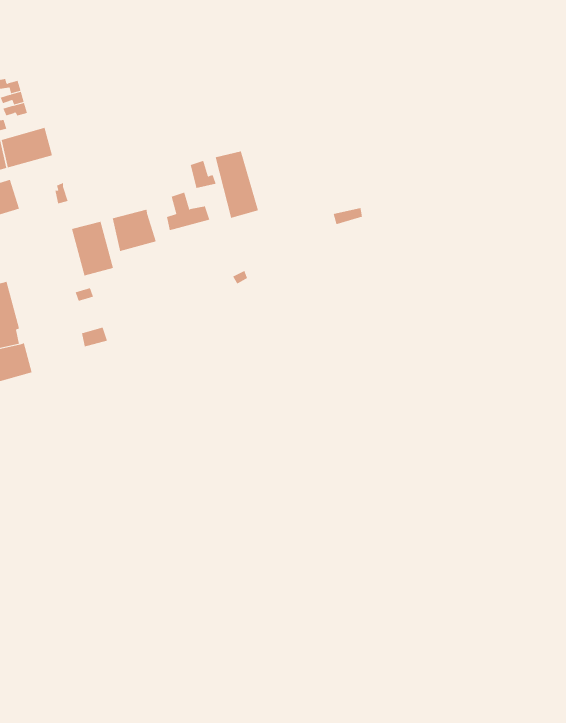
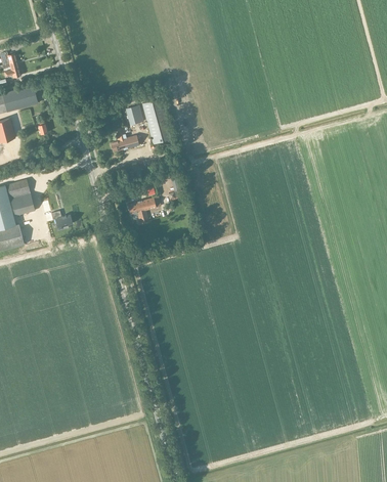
building: [112,209,156,252] -> none
building: [71,221,114,276] -> [8,179,36,215]
building: none -> [128,198,157,223]

